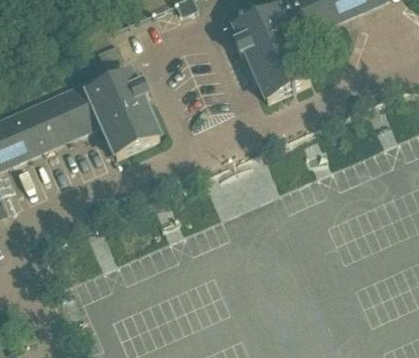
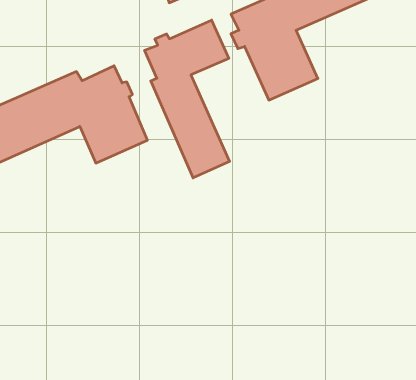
building: none -> [145,20,230,178]

